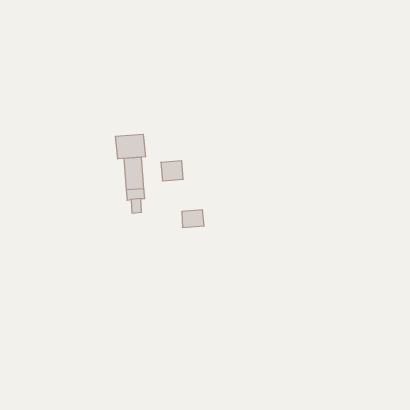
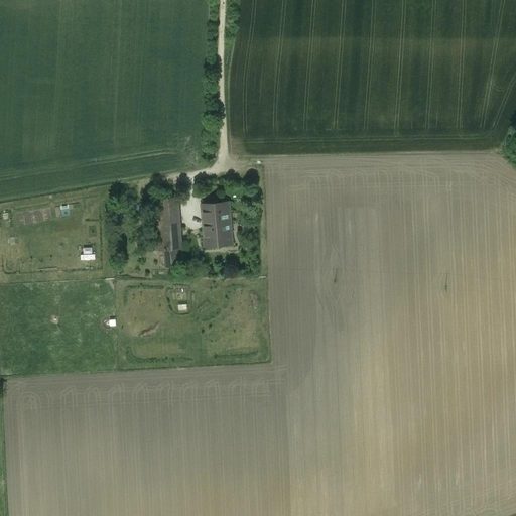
building: [116,134,146,159] -> none
building: [182,210,204,228] -> [204,226,232,248]

